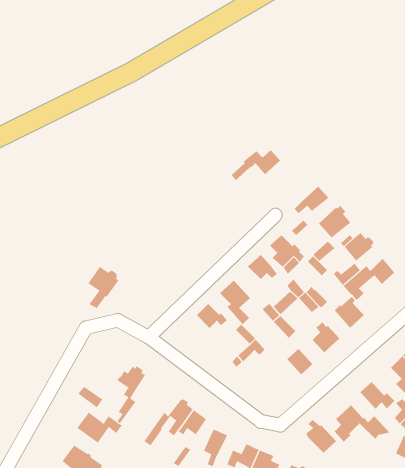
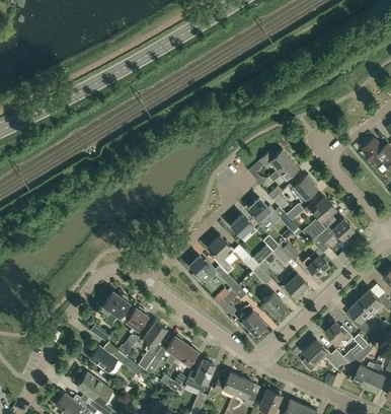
building: [231,149,281,181] -> [248,149,290,176]
building: [87,266,119,309] -> [102,291,129,327]
building: none -> [138,322,166,370]
building: [305,419,337,453] -> [239,306,265,335]

